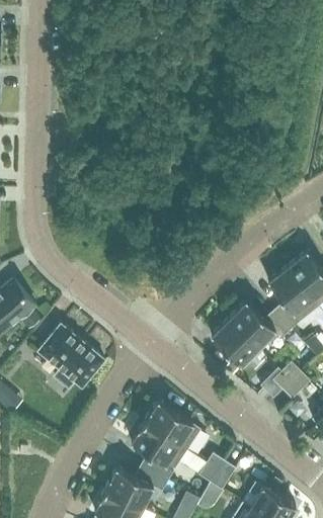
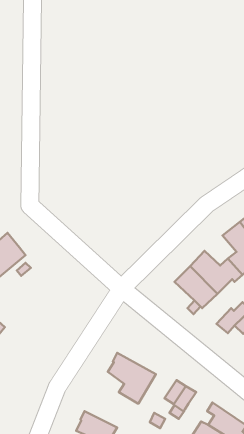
building: [38,324,104,388] -> none
building: [143,400,200,446] -> none
building: [104,467,167,509] -> none

